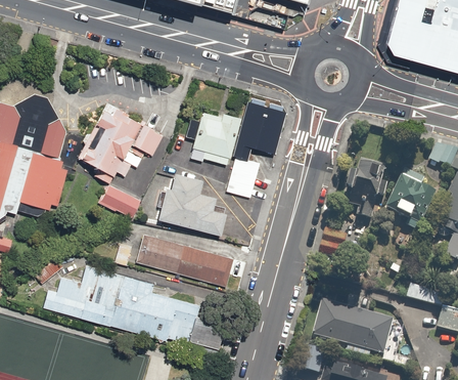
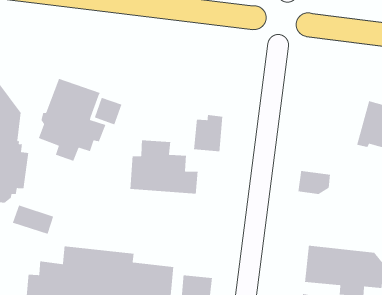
building: [240,101,283,153] -> none
building: [187,110,241,164] -> none
building: [347,158,391,222] -> none
building: [95,184,137,218] -> [12,204,54,235]
building: [136,231,235,286] -> none

